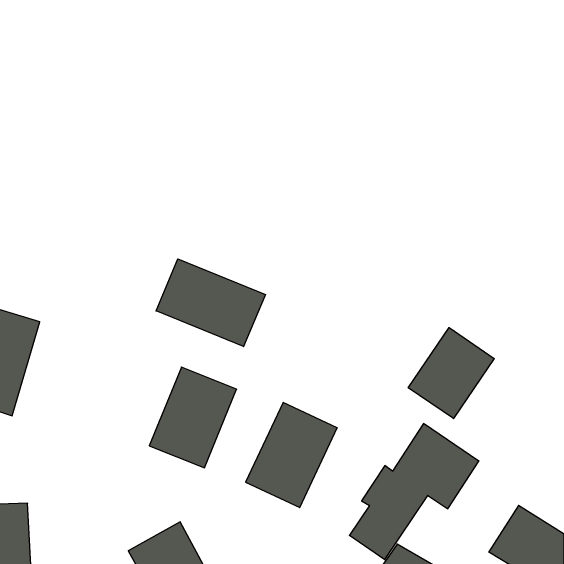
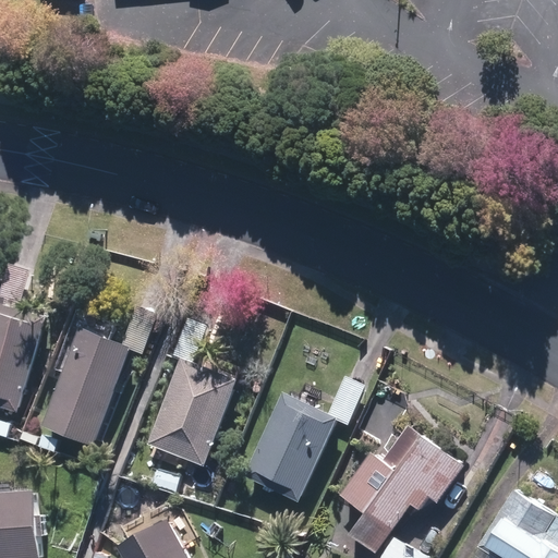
building: [156,259,265,347] -> none
building: [408,328,494,419] -> none
building: none -> [41,330,130,447]

